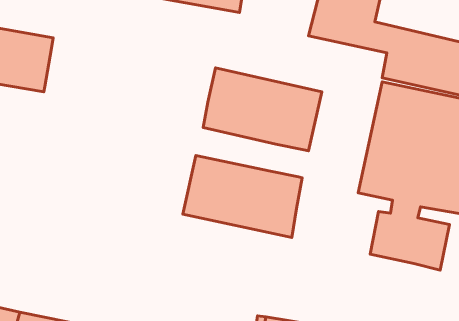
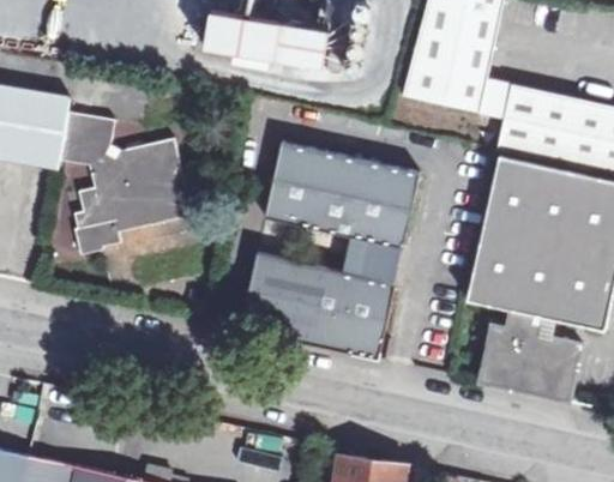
building: none -> [62,112,195,259]
building: none -> [353,235,396,277]

